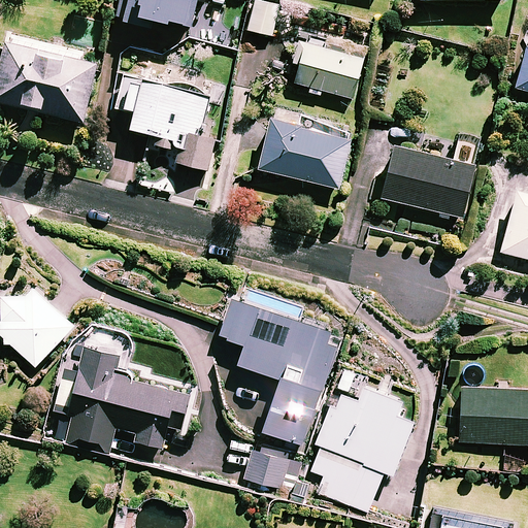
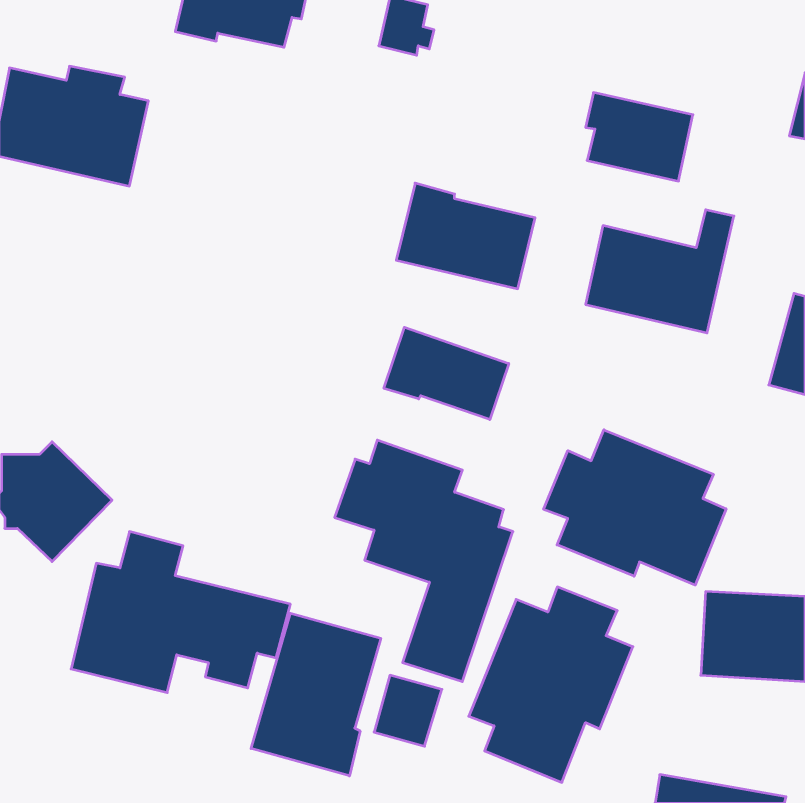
building: [293,40,363,98] -> [586,93,693,181]
building: [117,76,214,171] -> none
building: none -> [384,327,509,420]
building: none -> [544,430,726,585]
building: none -> [251,613,381,776]

